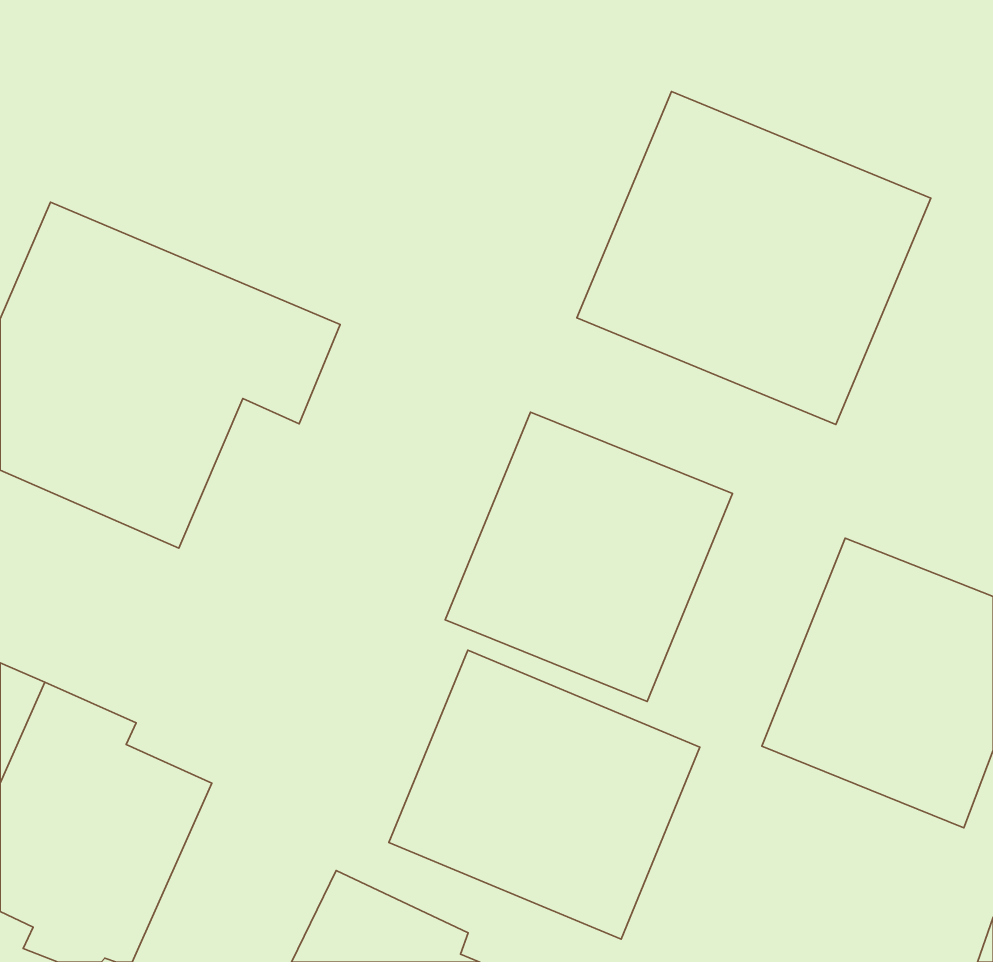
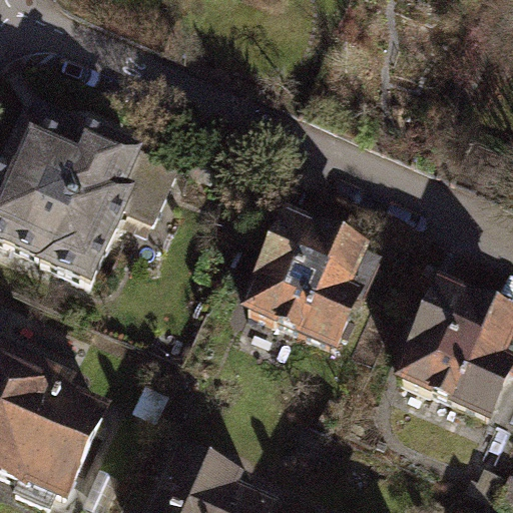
building: [577,92,931,424] -> none
building: [389,650,700,939] -> none

